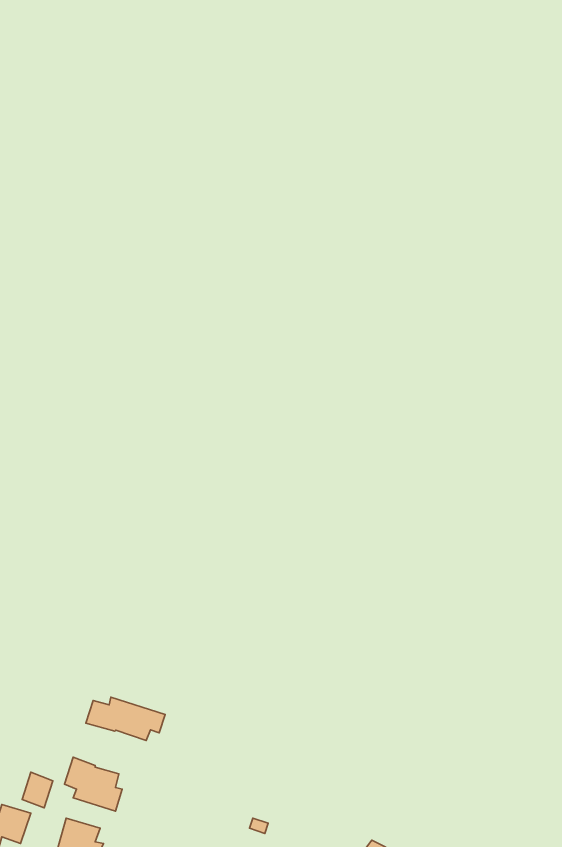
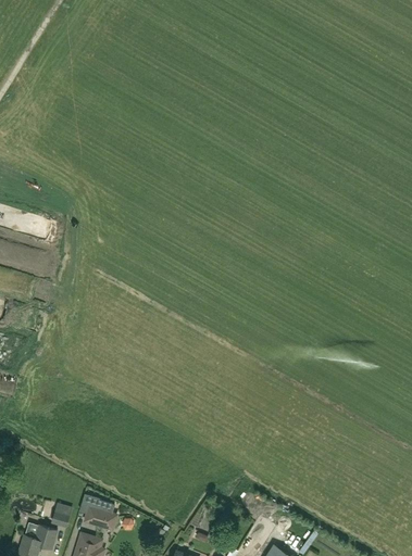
building: [86,697,165,740] -> none

